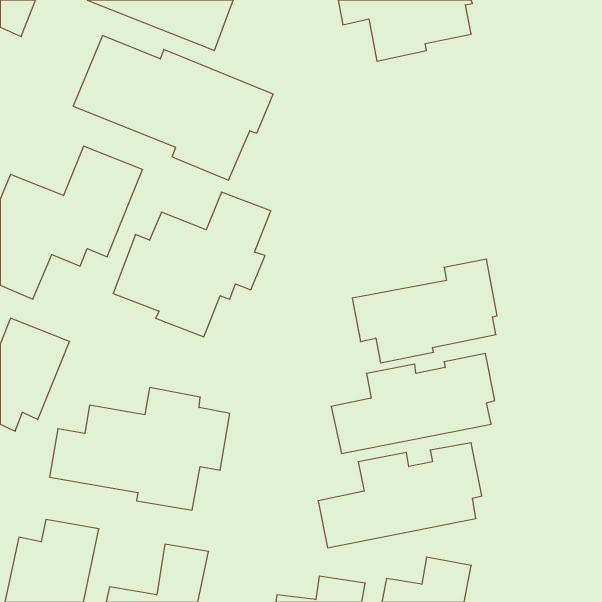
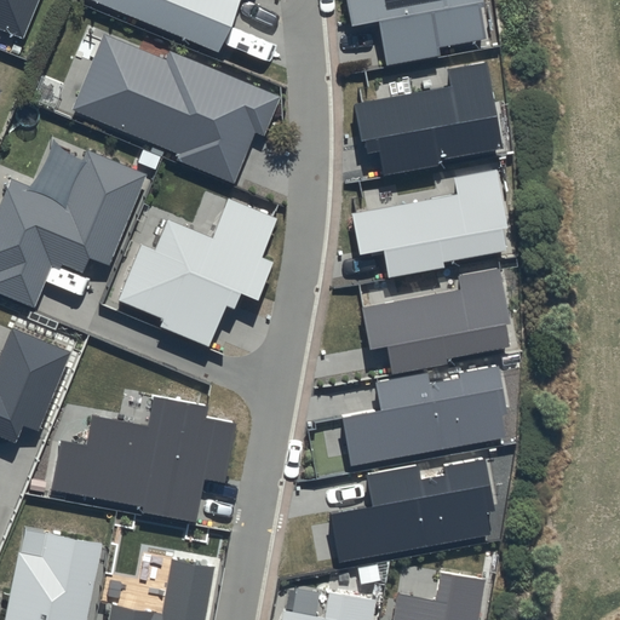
building: none -> [355,62,501,176]
building: none -> [351,167,510,276]

